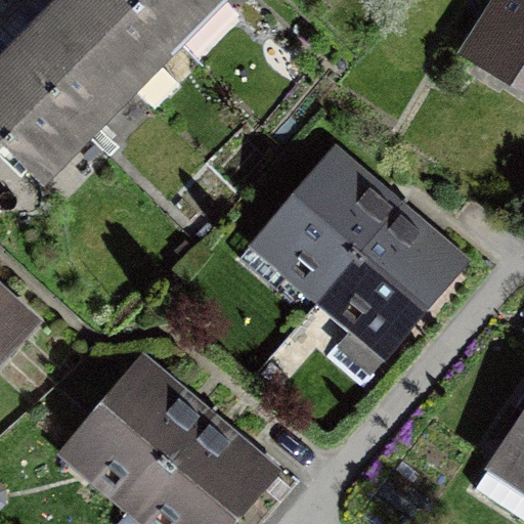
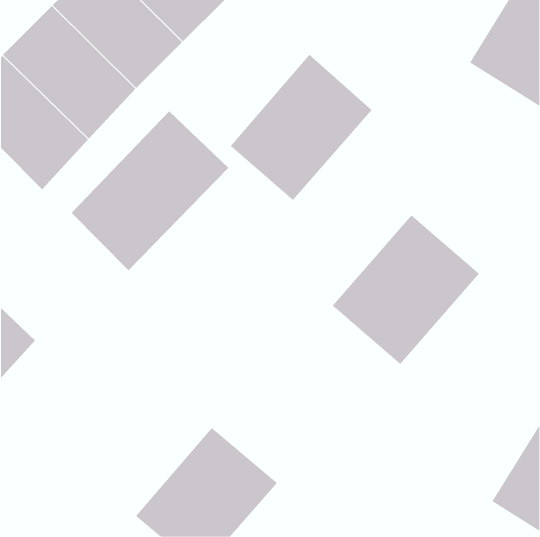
building: none -> [71,111,229,271]
building: [260,154,398,296] -> [230,54,372,201]
building: [71,362,205,499] -> none

